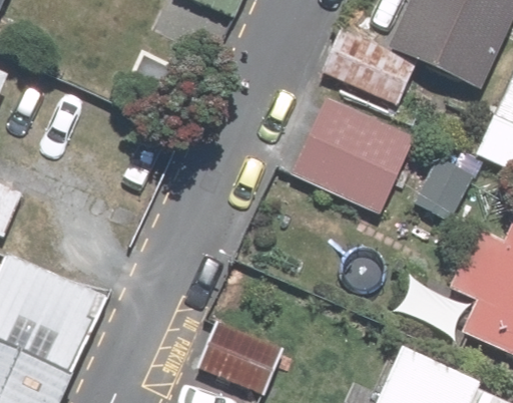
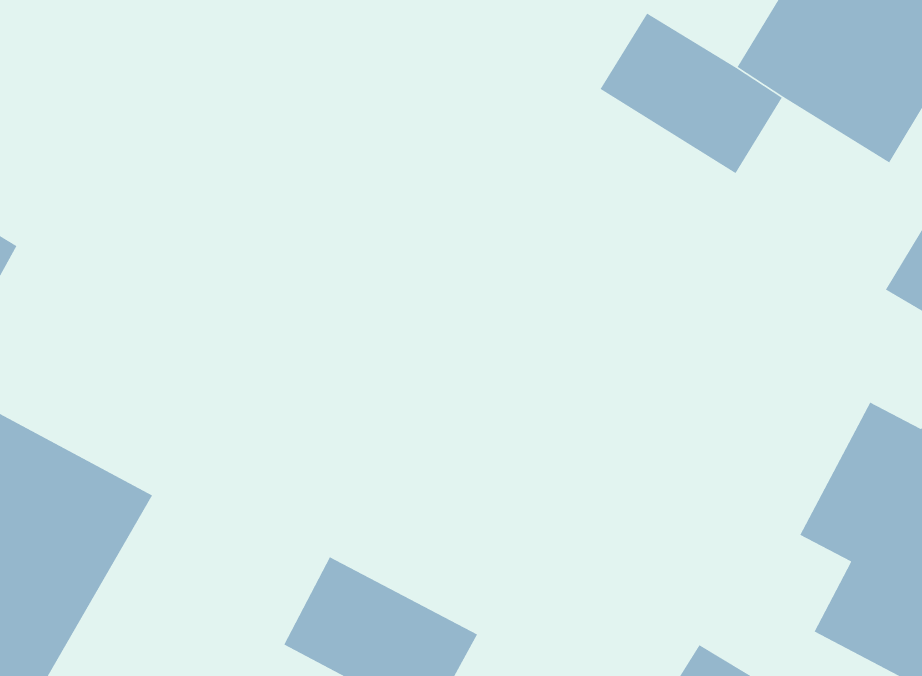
building: [290,96,413,214] -> none

